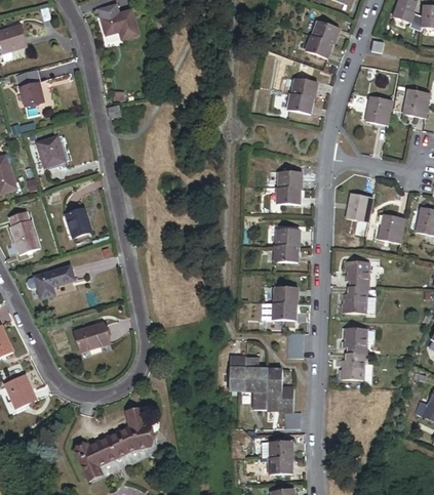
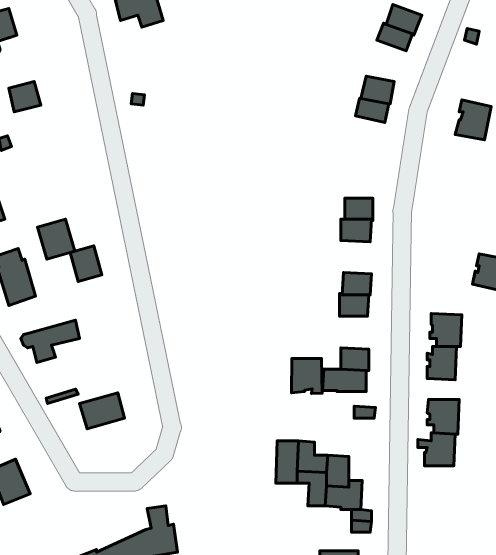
building: [37,135,66,166] -> [38,219,75,259]
building: [345,194,372,222] -> none
building: none -> [291,358,322,393]

